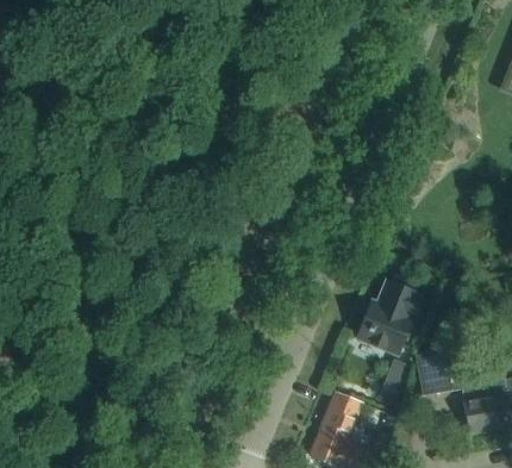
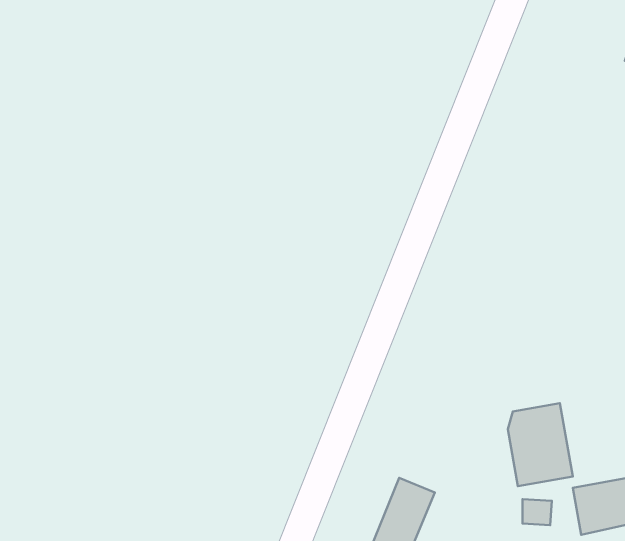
building: [358,282,419,354] -> none

